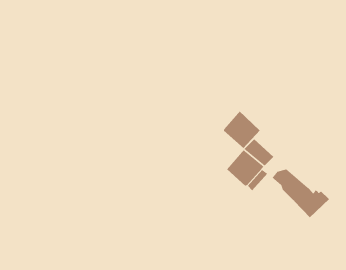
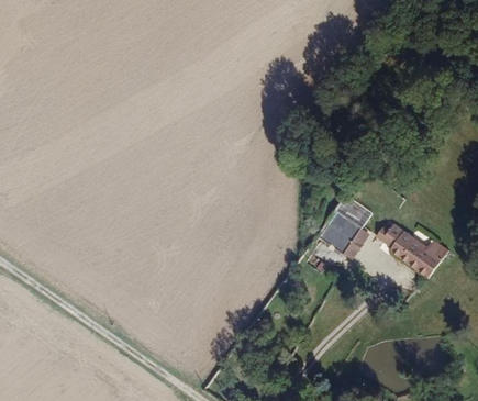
building: [223,110,261,149] -> none

